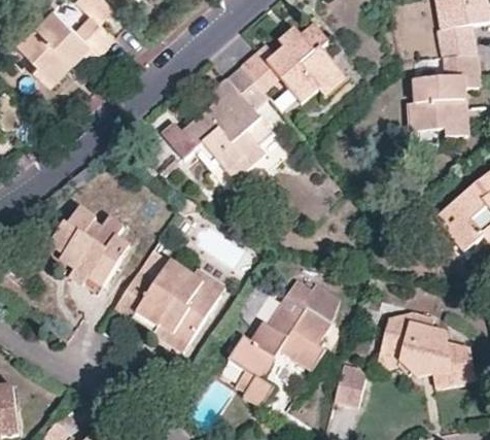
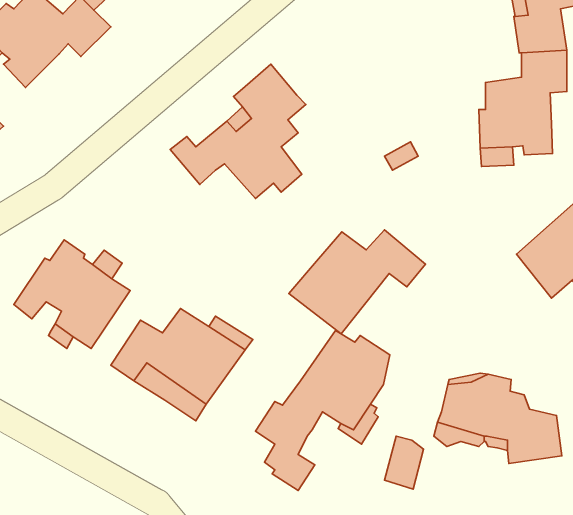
building: [243,26,345,103] -> none
building: none -> [289,230,426,334]

